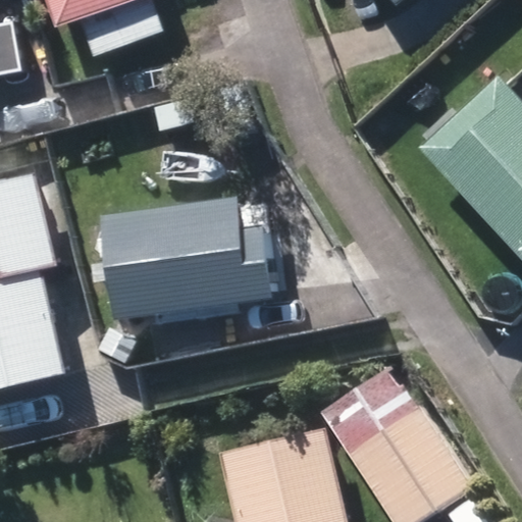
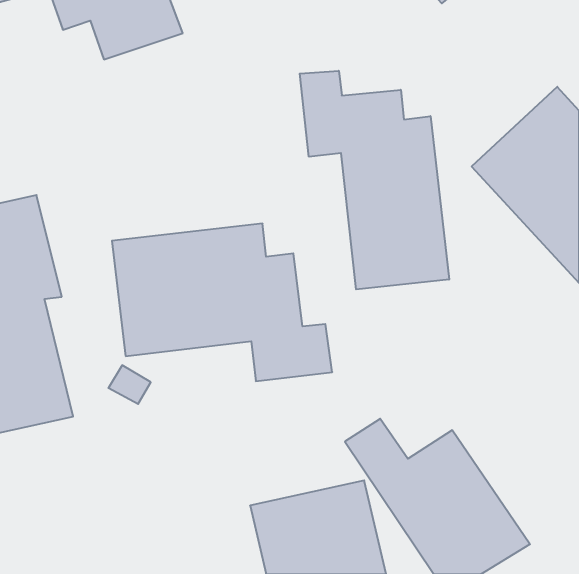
building: none -> [300,71,449,289]

